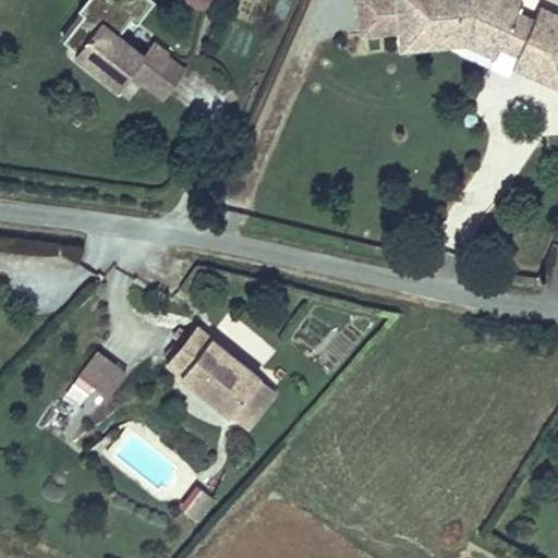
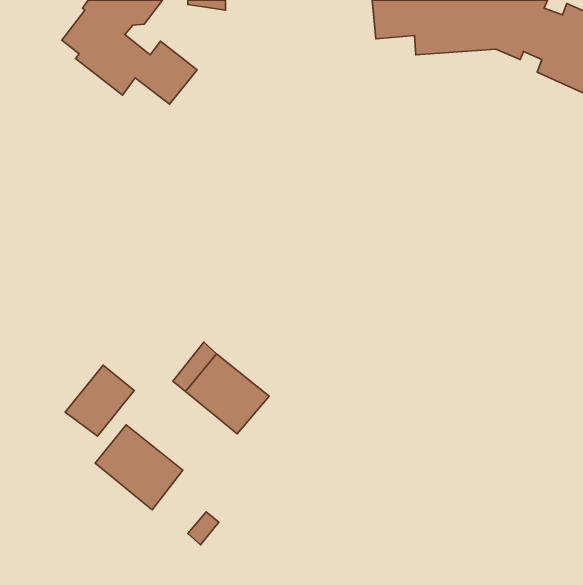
building: [228,377,275,427] -> none
building: none -> [95,425,183,510]

